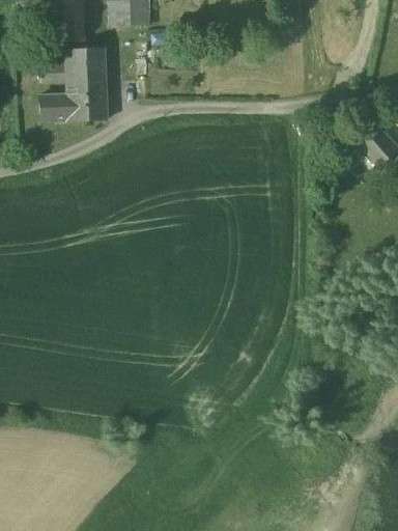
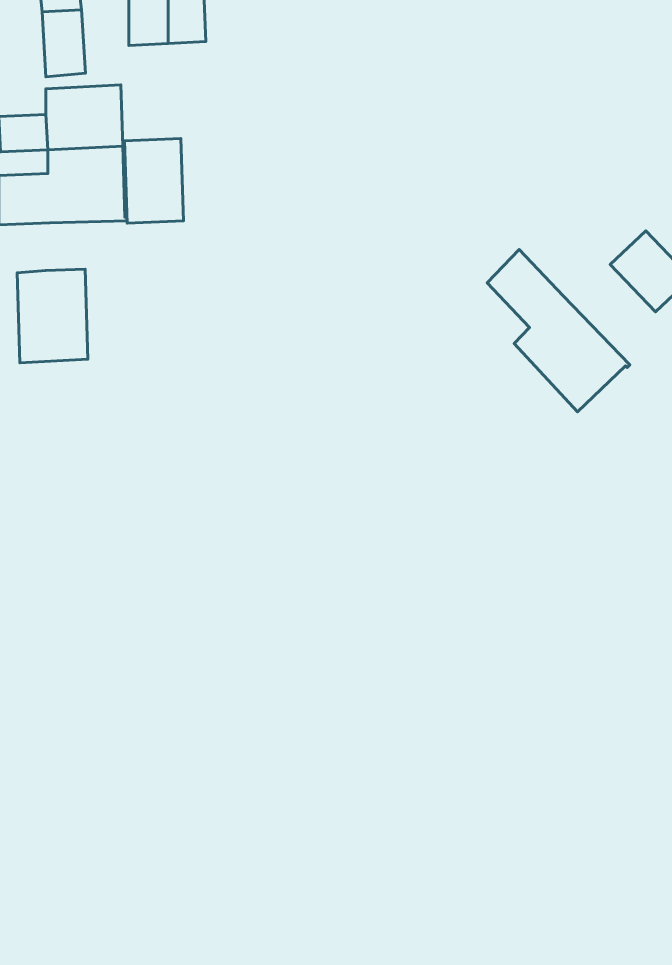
building: none -> [125,139,183,223]
building: none -> [487,250,630,412]
building: none -> [17,269,88,363]

